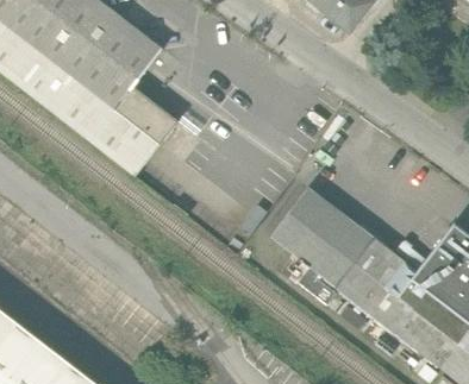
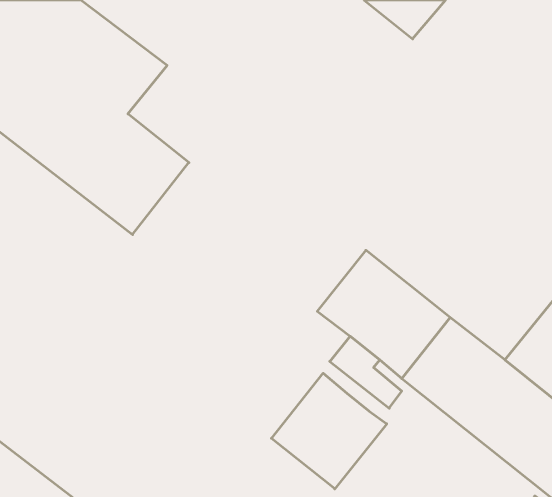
building: none -> [271,373,387,489]

